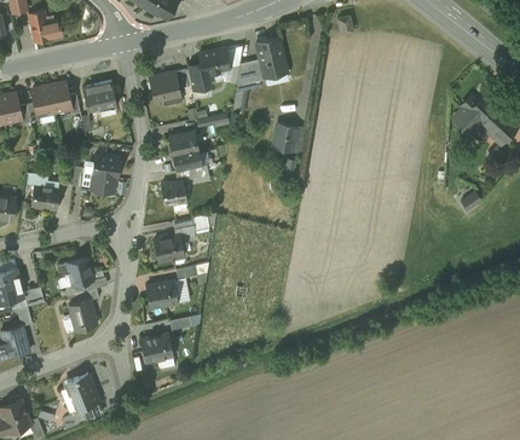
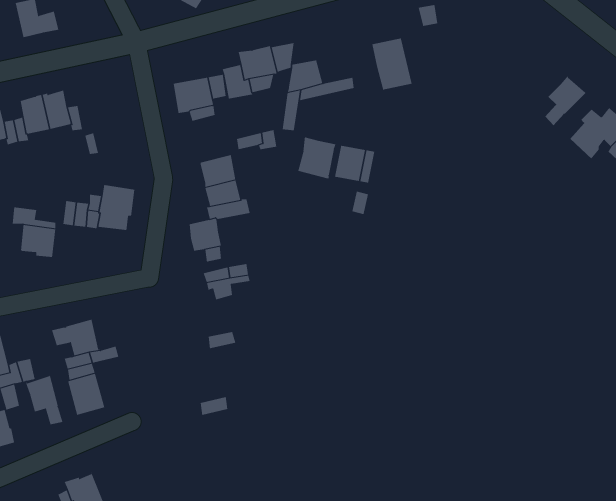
building: [255,36,287,76] -> [372,38,413,90]
building: none -> [545,75,587,126]
building: [81,80,116,110] -> none
building: none -> [298,137,336,179]
building: [154,233,184,261] -> none
building: [145,280,177,307] -> none
building: none -> [25,375,63,425]
building: [140,332,173,361] -> none

